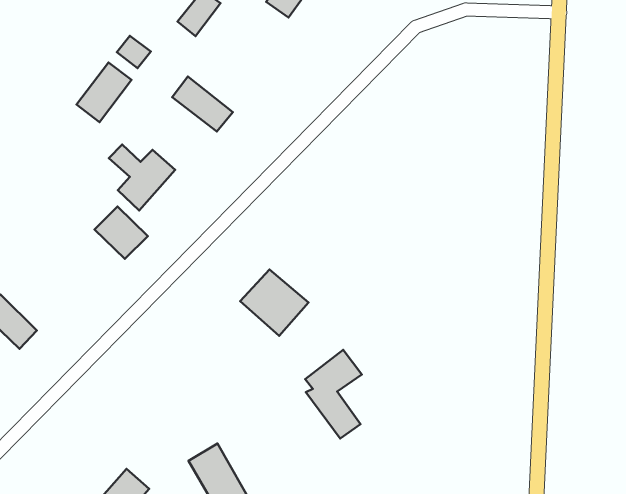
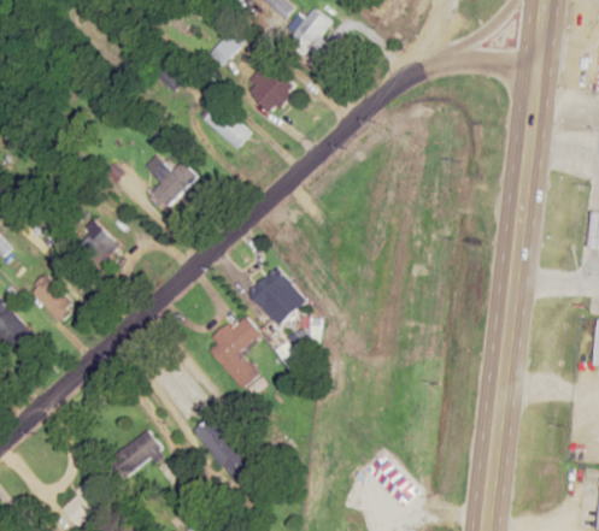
building: none -> [243,61,296,113]
building: [76,62,131,122] -> none
building: [95,207,148,259] -> [72,220,117,265]
building: [305,350,362,438] -> [211,314,259,389]

